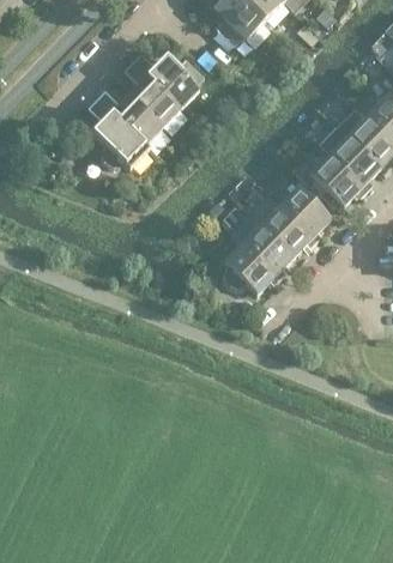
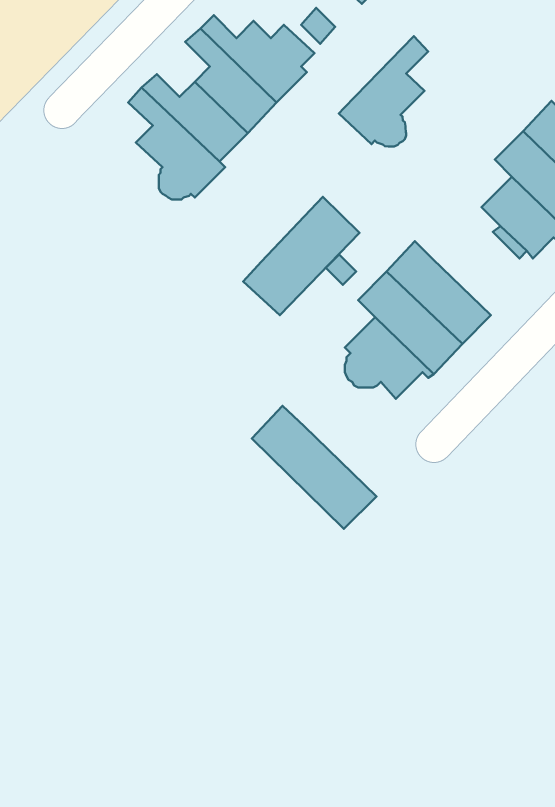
building: none -> [339,36,428,146]
building: none -> [243,197,360,315]
building: [279,184,331,241] -> none
building: none -> [252,406,376,529]

